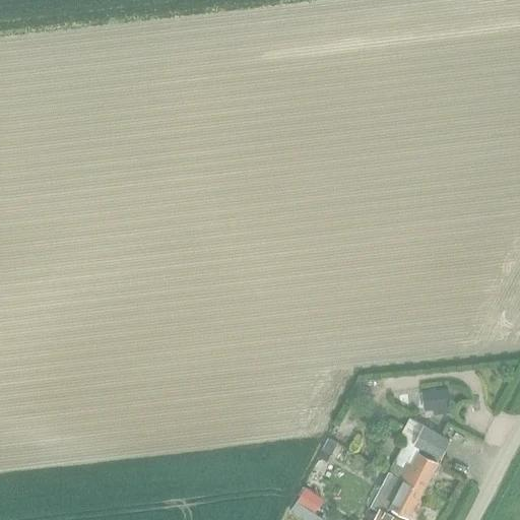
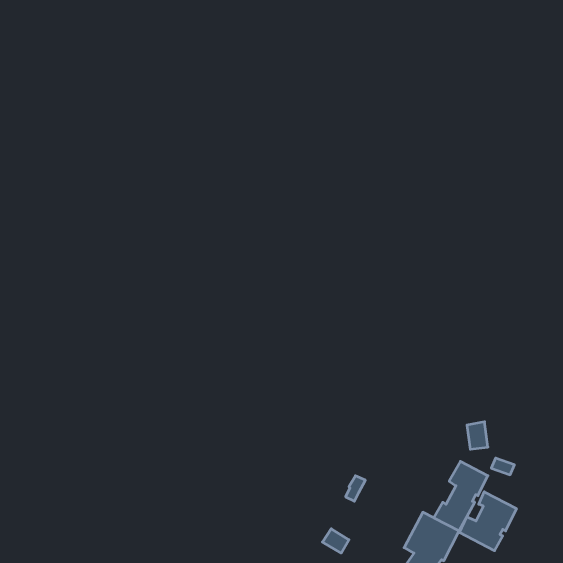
building: none -> [460,492,516,551]

